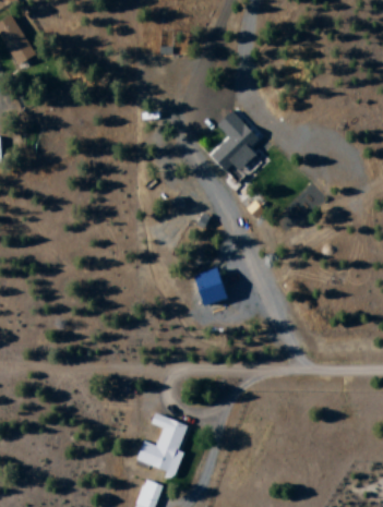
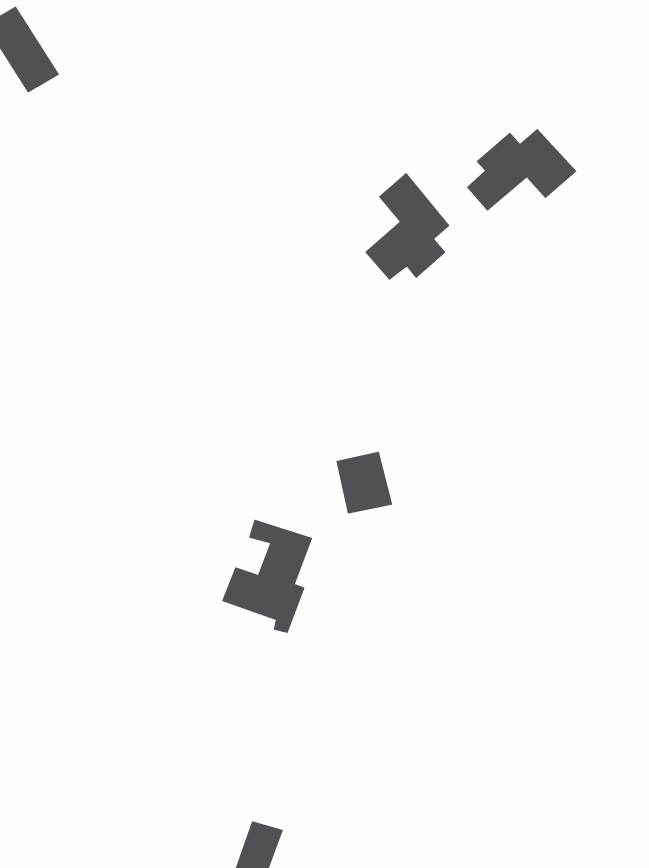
building: none -> [466,128,578,212]
building: [135,413,188,479] -> [221,519,313,634]

